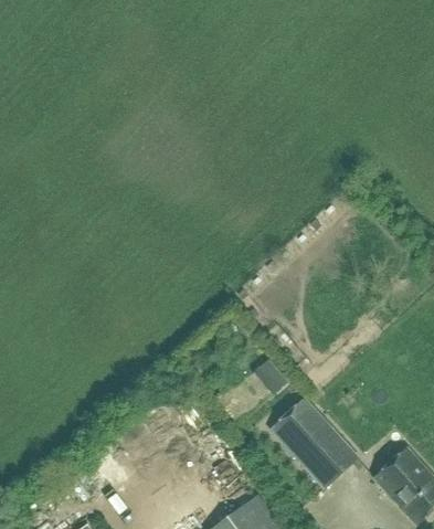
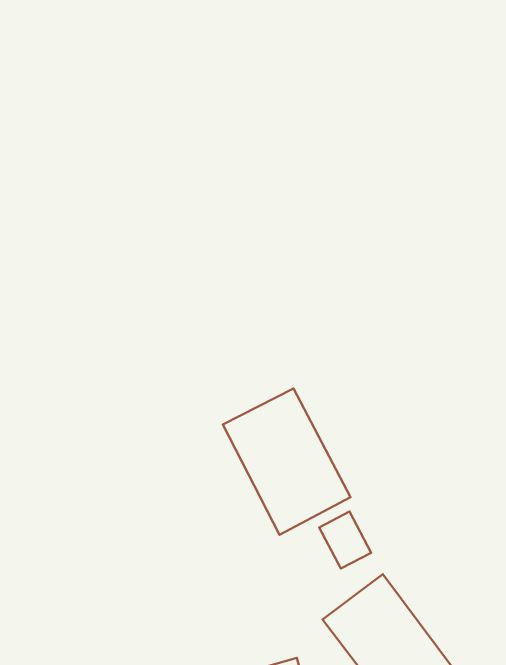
building: none -> [223,389,351,535]

